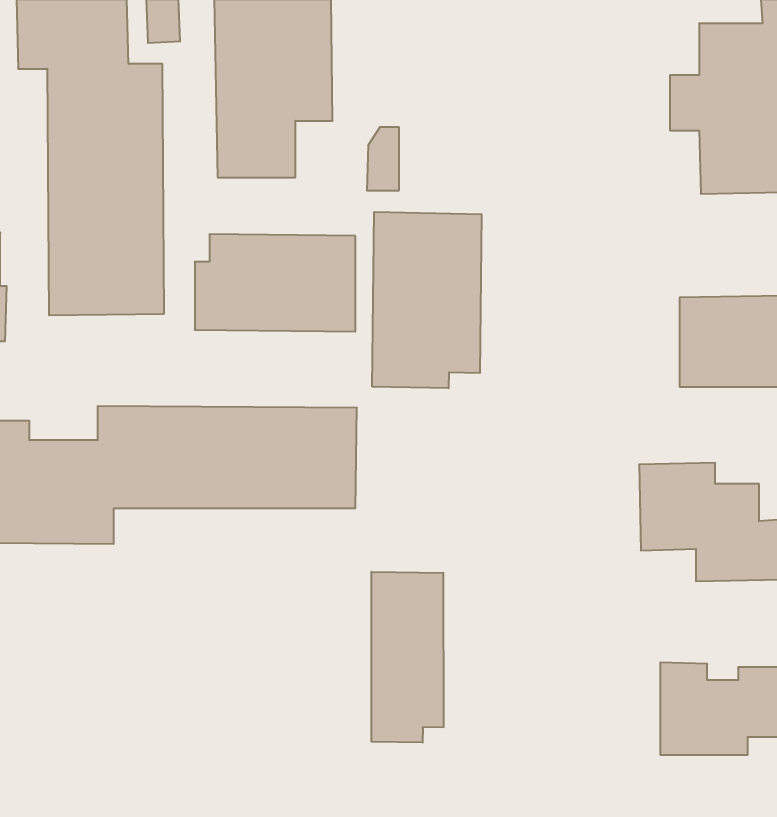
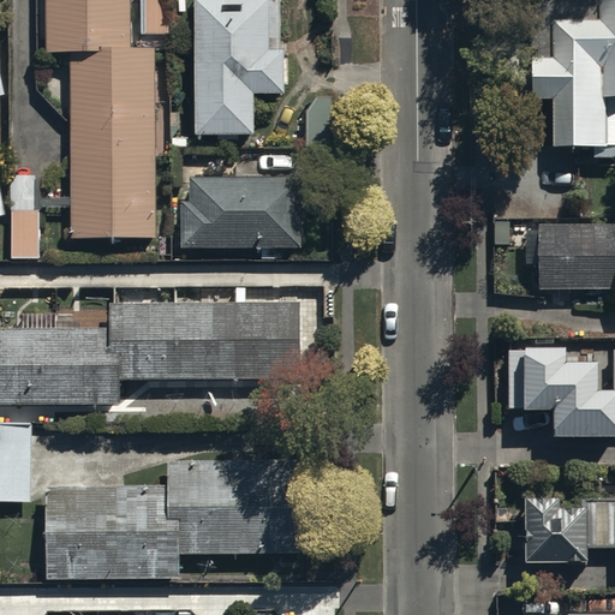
building: [372,212,481,388] -> none
building: [371,572,443,743] -> none
building: none -> [47,461,297,583]

